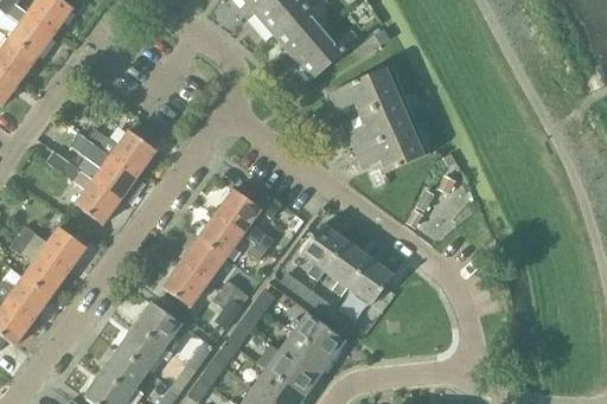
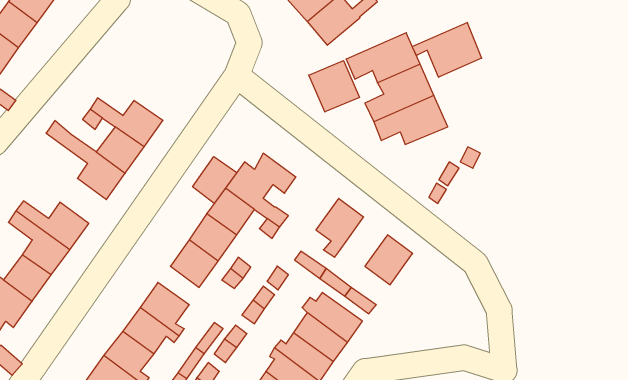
building: none -> [412,22,482,77]
building: none -> [309,61,360,112]
building: none -> [193,157,237,203]
building: [324,242,368,295] -> none

